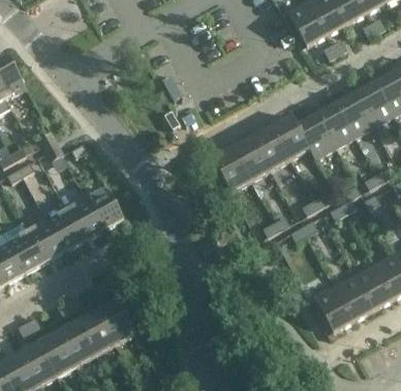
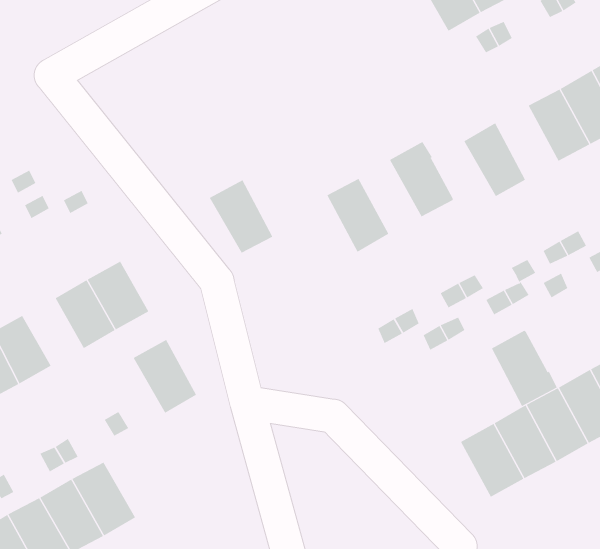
building: [336,91,374,137] -> none
building: [297,113,336,158] -> none
building: [252,124,290,170] -> none
building: [212,146,251,191] -> [209,179,273,254]
building: [47,209,84,250] -> none
building: none -> [491,330,557,407]
building: [96,298,135,343] -> [133,339,197,413]

